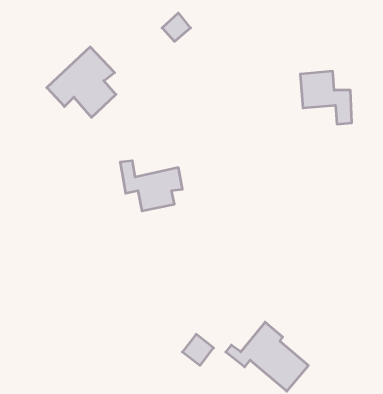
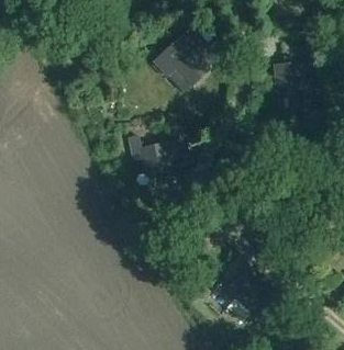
building: [47,47,116,117] -> [148,32,204,89]

